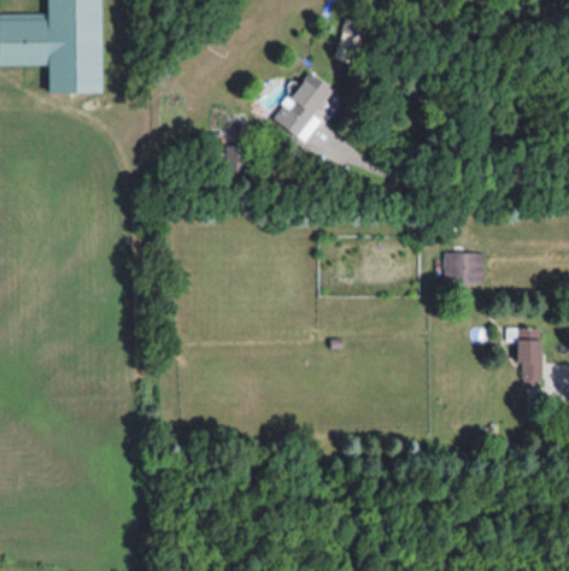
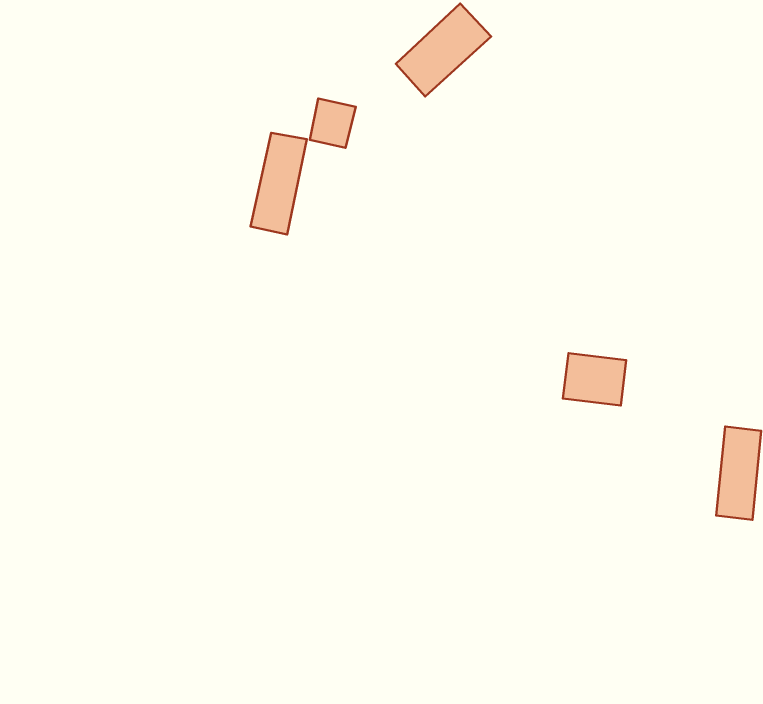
building: none -> [251,133,307,234]
building: [446,254,485,284] -> [563,353,626,406]

